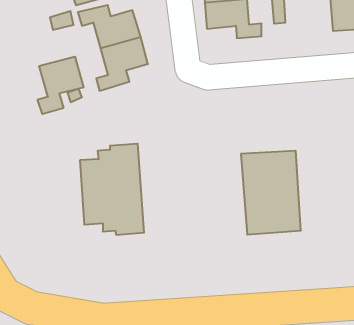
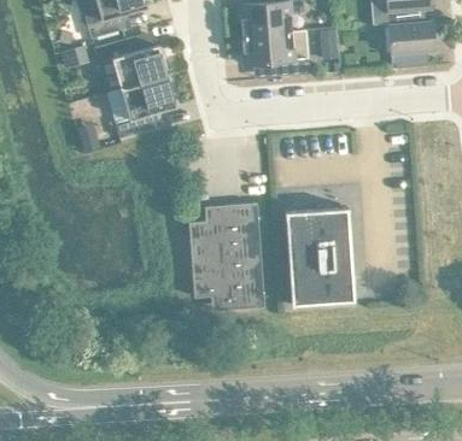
building: [38,57,84,114] -> none
building: [80,144,144,235] -> [188,202,263,308]

